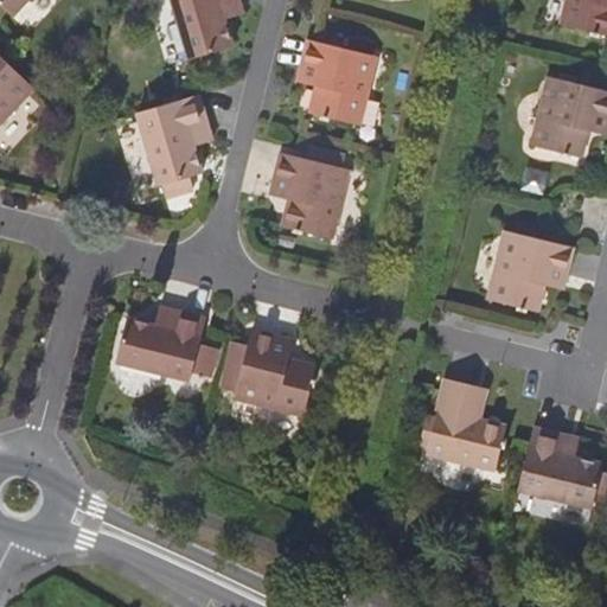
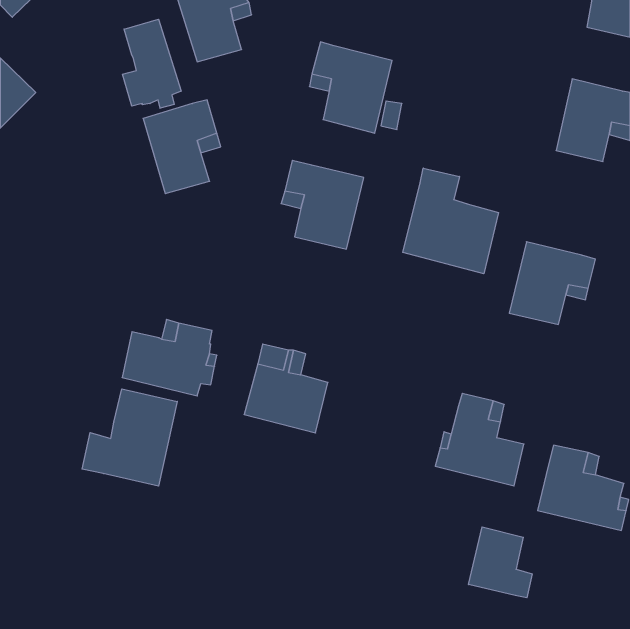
building: none -> [122,19,181,108]
building: none -> [403,168,498,274]
building: none -> [82,389,177,486]
building: none -> [469,527,532,598]

